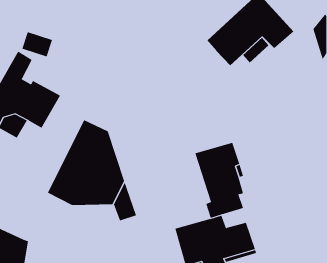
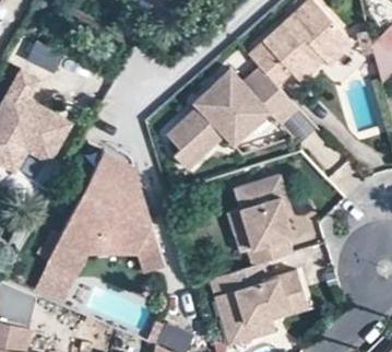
building: none -> [167,67,297,171]
building: none -> [31,236,87,304]

